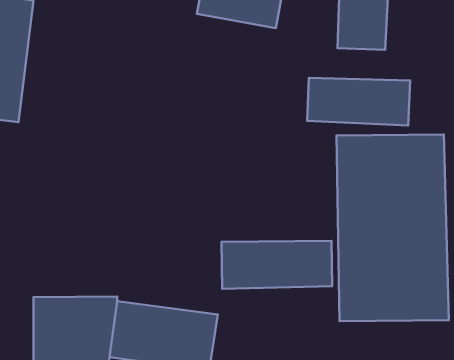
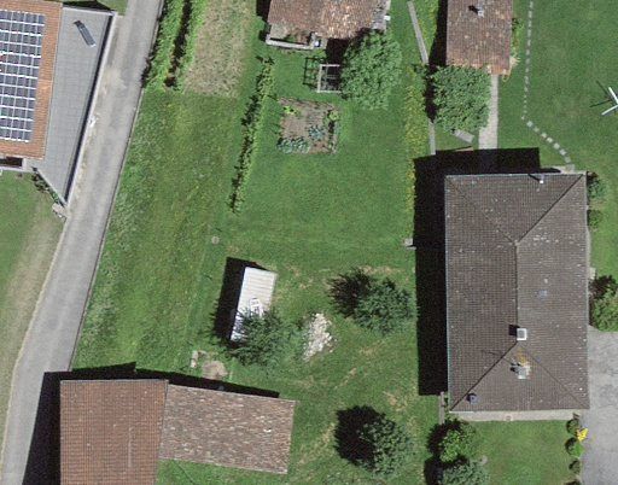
building: [307,78,410,125] -> none
building: [222,241,332,289] -> none

